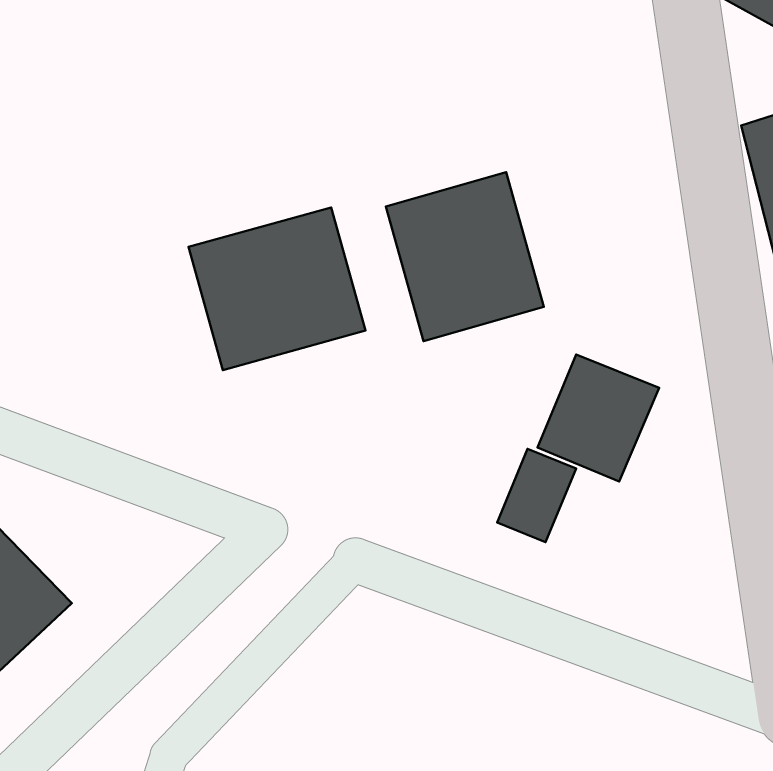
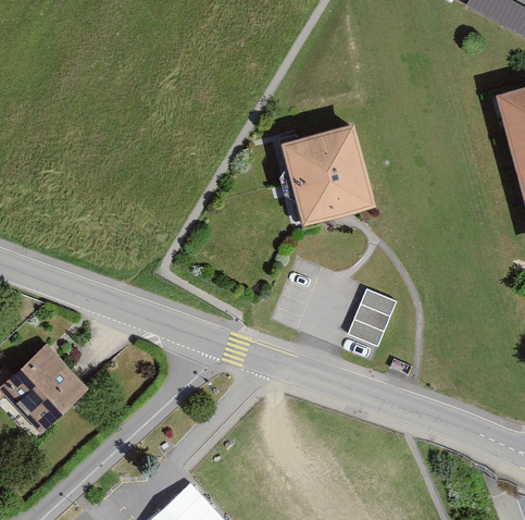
building: [188,207,366,370] -> none
building: [538,355,659,482] -> none

